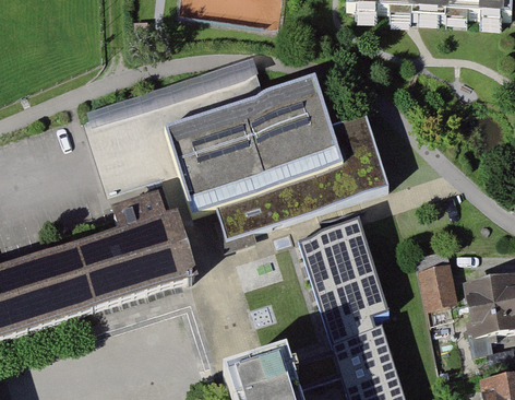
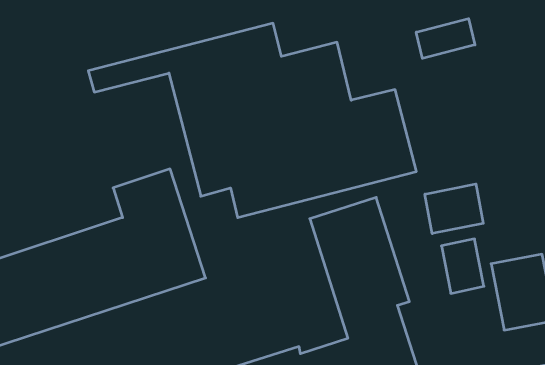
building: none -> [416,19,475,58]
building: none -> [425,184,483,234]

